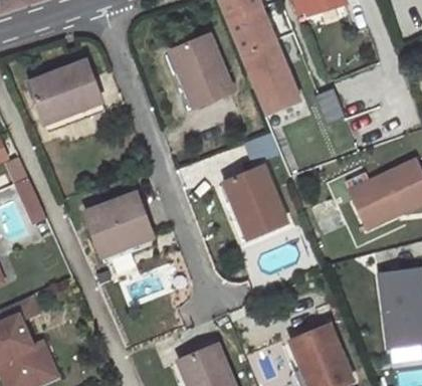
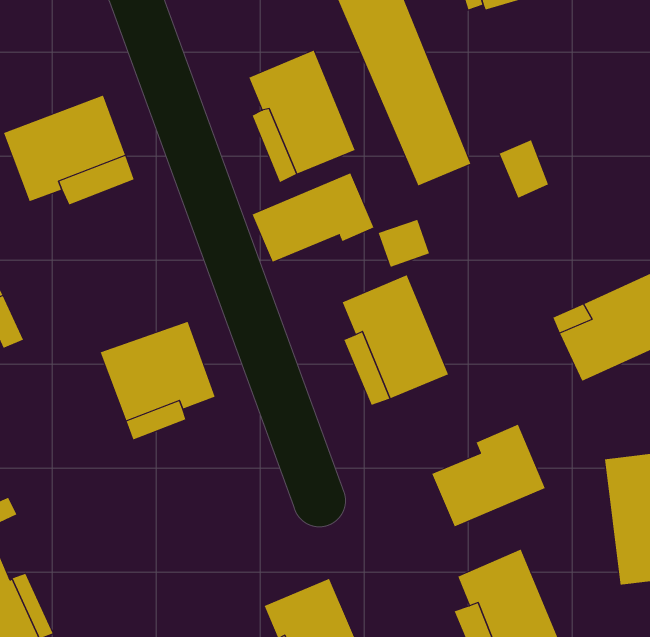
building: none -> [252,172,374,262]
building: none -> [432,424,546,527]

